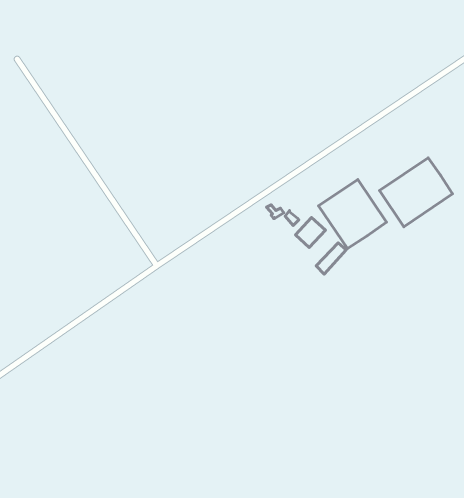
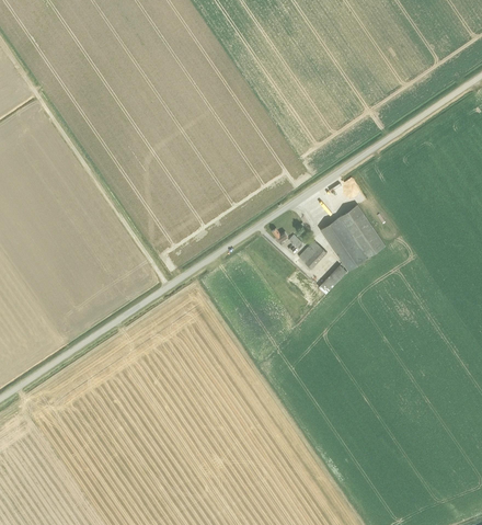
building: [379,158,453,227] -> none

